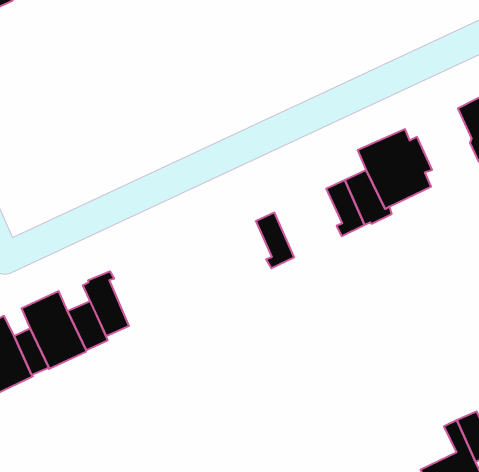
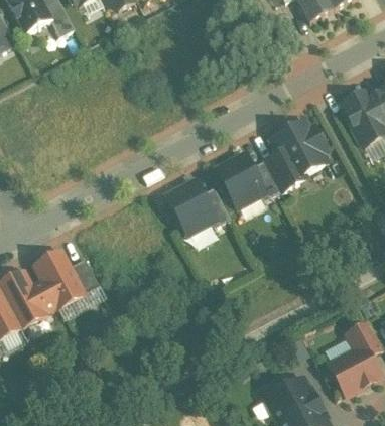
building: none -> [217,153,264,205]
building: none -> [167,179,215,232]
building: [83,271,129,336] -> none

